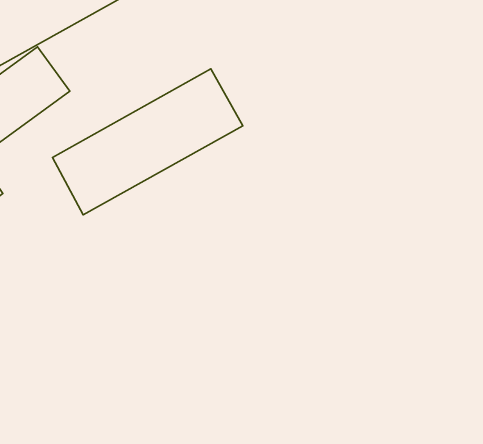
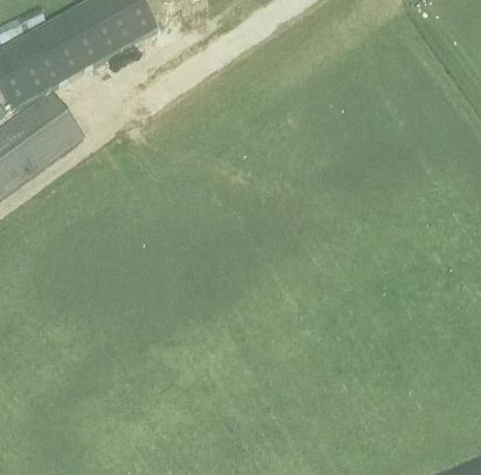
building: [53,69,243,215] -> none

